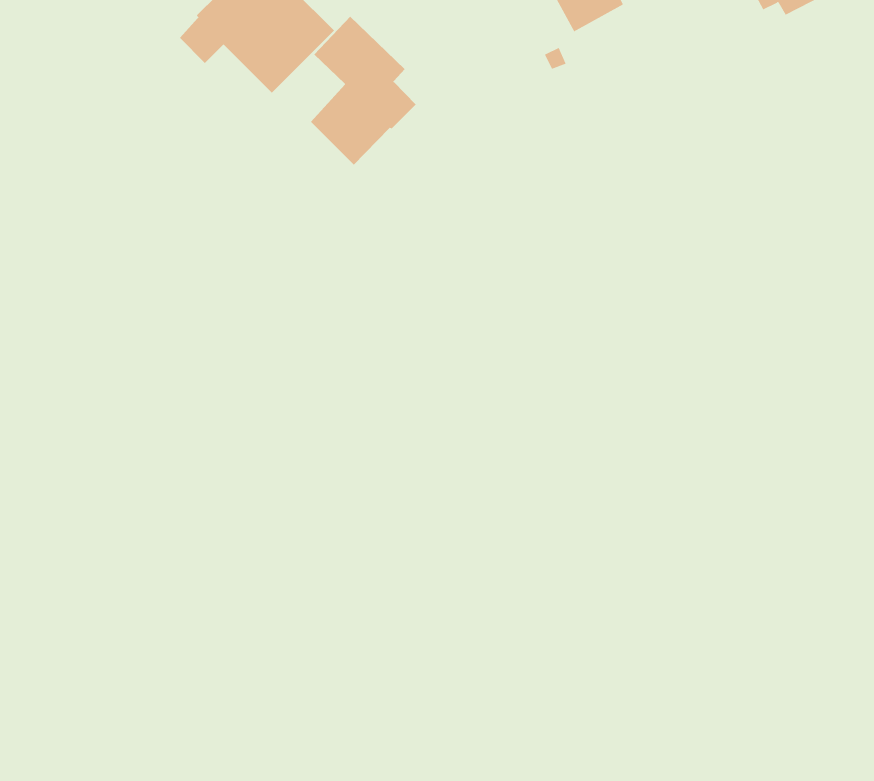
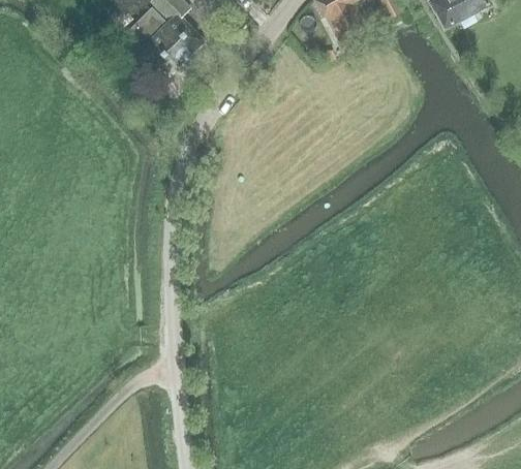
building: [310,16,417,166] -> none

